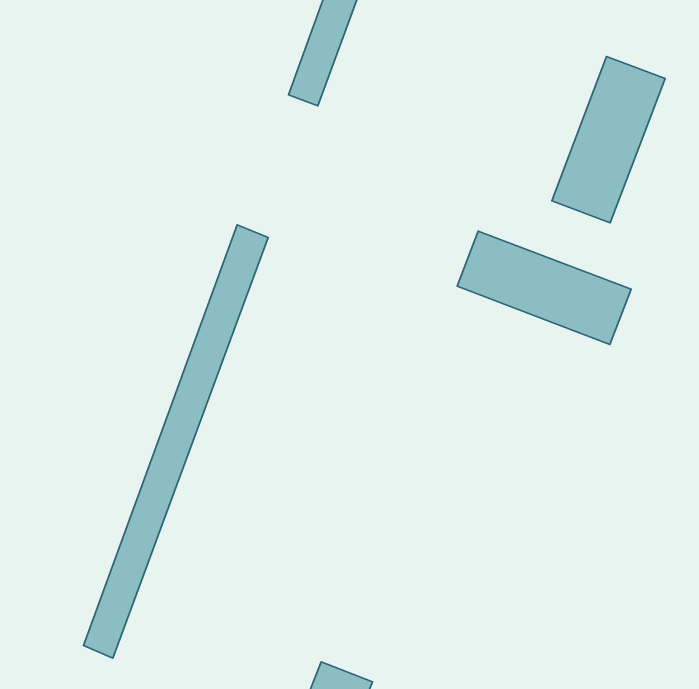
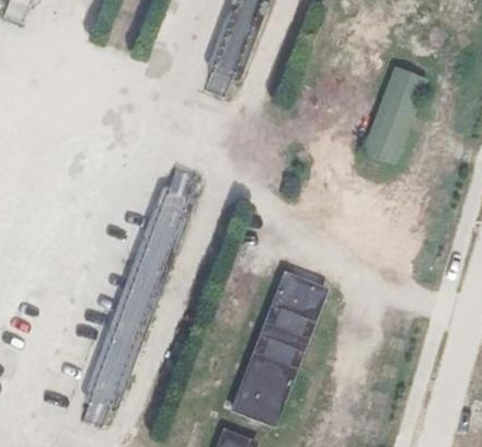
building: [457,231,631,344] -> none
building: none -> [232,274,325,424]

